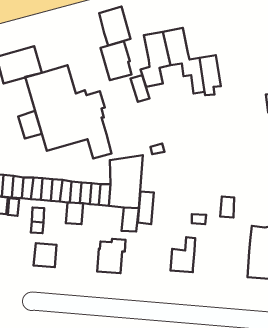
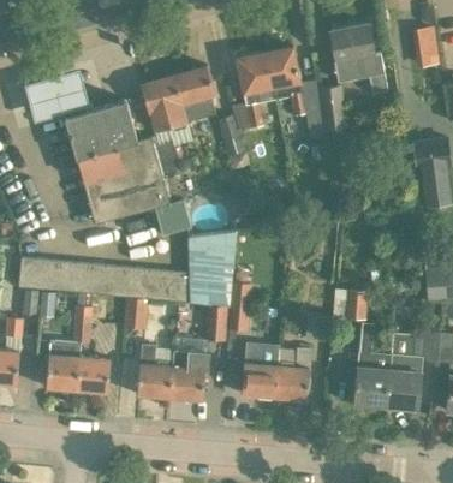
building: [99,7,131,46] -> [141,76,186,132]
building: none -> [330,24,388,96]
building: [18,111,42,139] -> none
building: none -> [353,323,389,407]
building: none -> [136,345,171,399]
building: none -> [242,345,276,398]
building: none -> [46,356,79,390]

